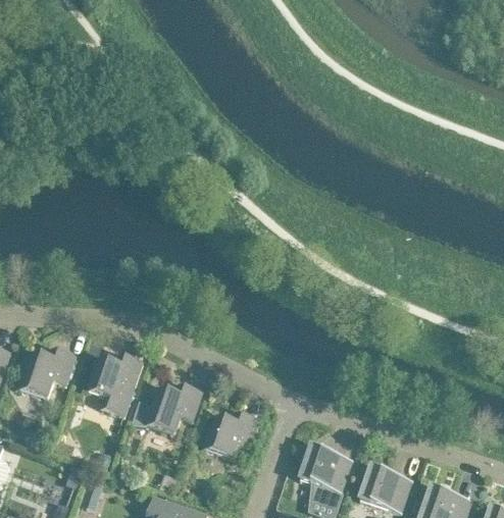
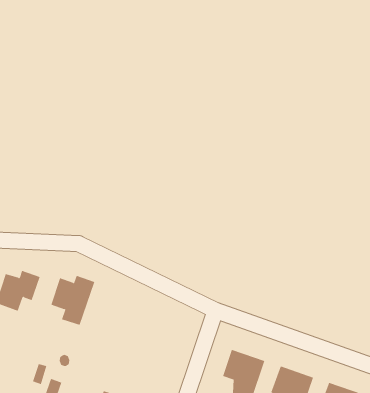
building: [132,383,201,434] -> none
building: [203,412,258,458] -> none

